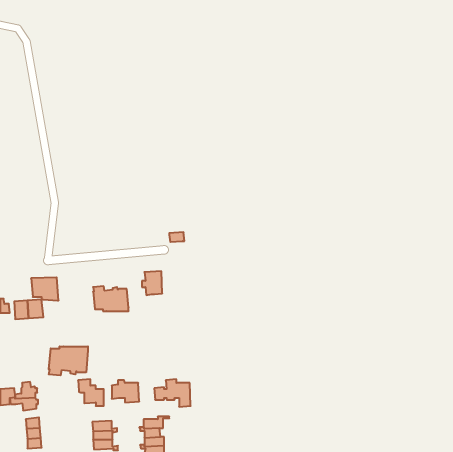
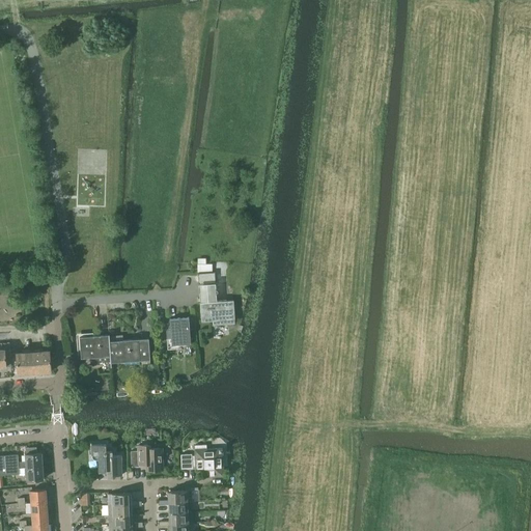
building: none -> [200,301,234,323]
building: [31,277,59,300] -> [79,336,111,363]
building: [49,346,88,375] -> none

